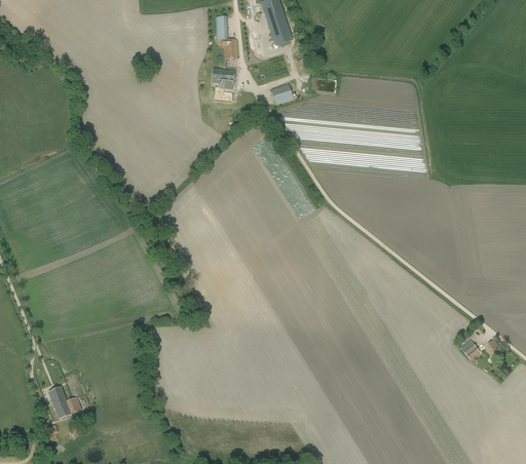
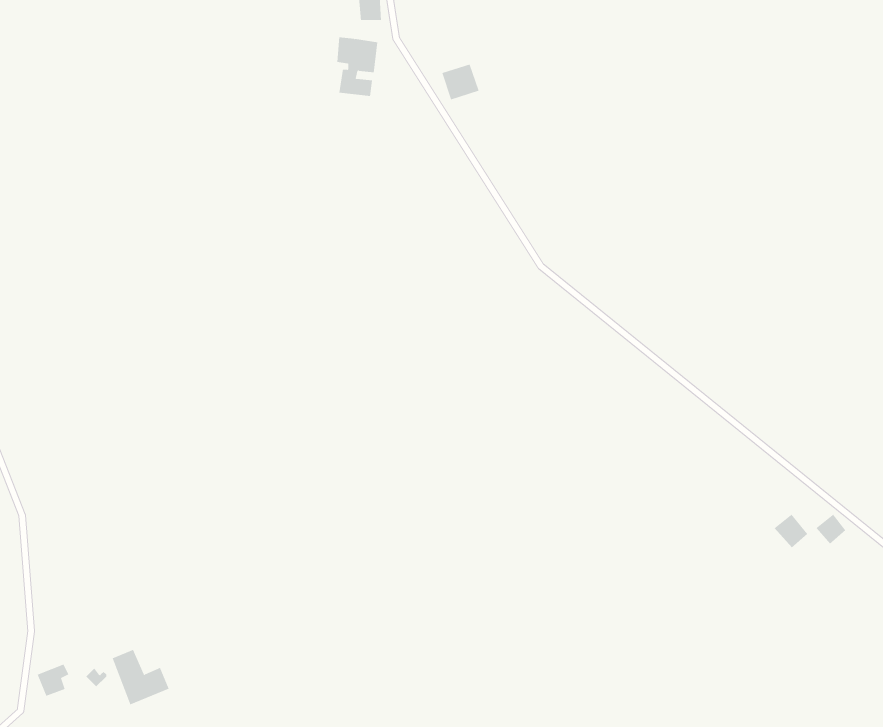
building: [48,386,81,418] -> [112,649,170,705]

